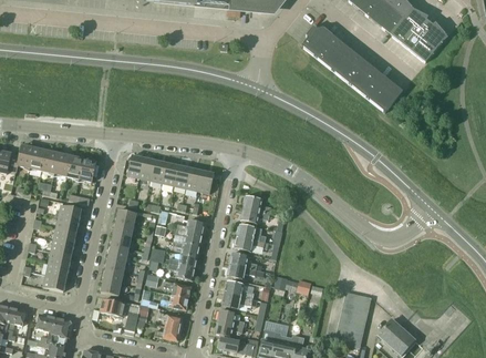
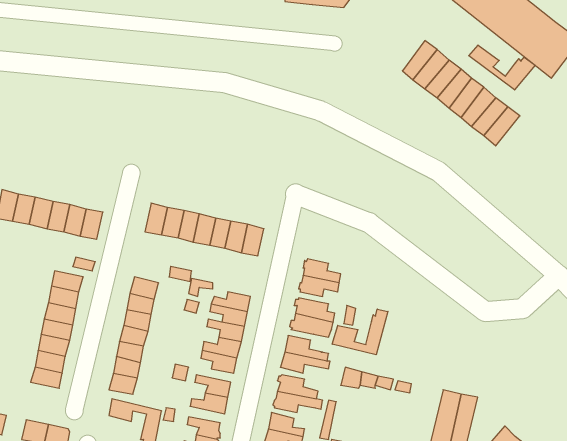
building: [301,25,332,57] -> none
building: none -> [469,45,535,90]
building: none -> [332,309,388,355]

